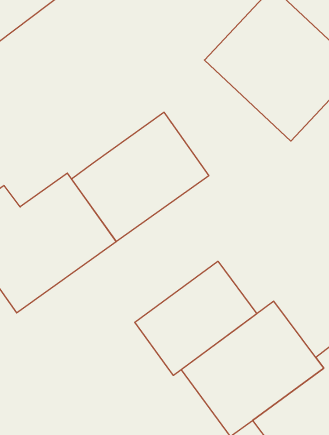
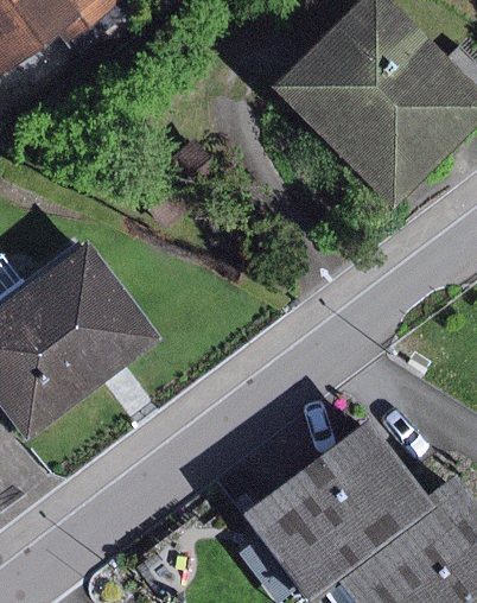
building: [71,112,209,242] -> none
building: [135,261,257,375] -> none

